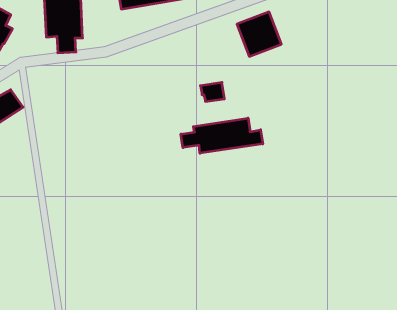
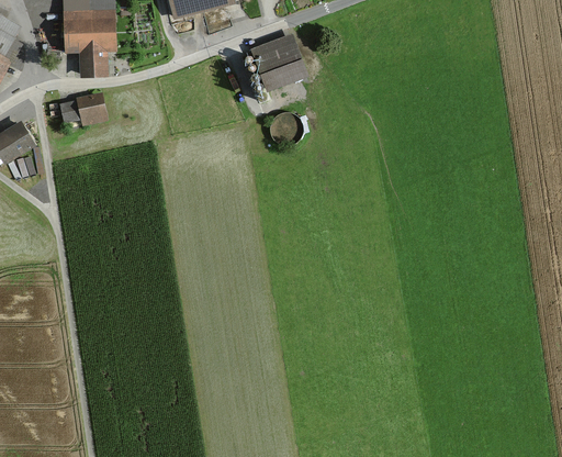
building: [237,12,281,56] -> [248,31,307,90]
building: none -> [58,91,108,125]
building: [181,118,263,153] -> none

